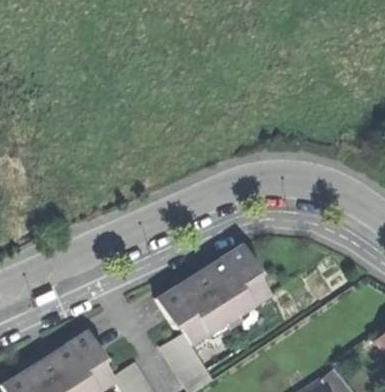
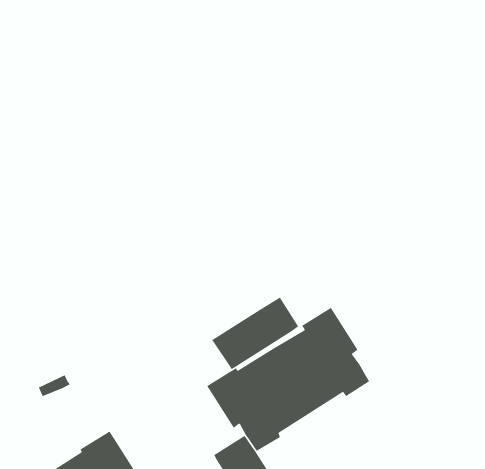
building: none -> [211,297,299,370]

